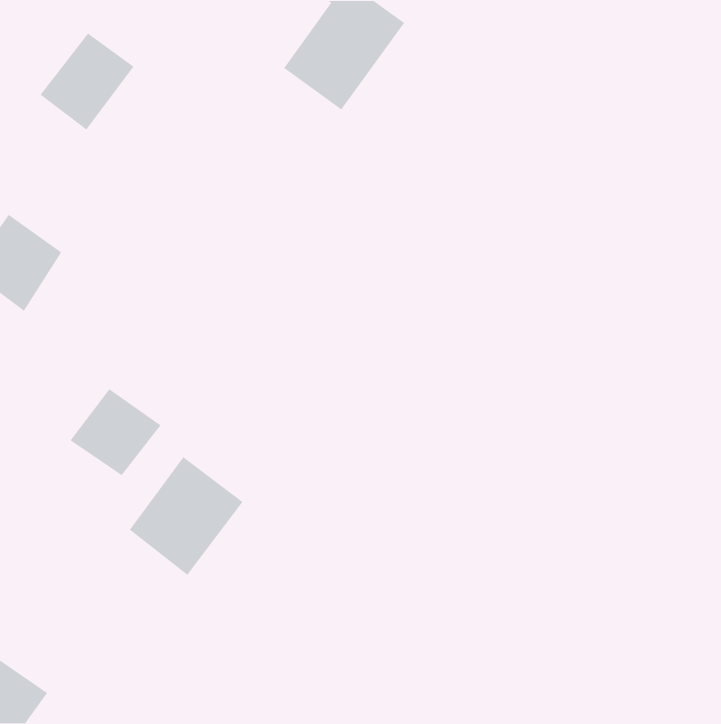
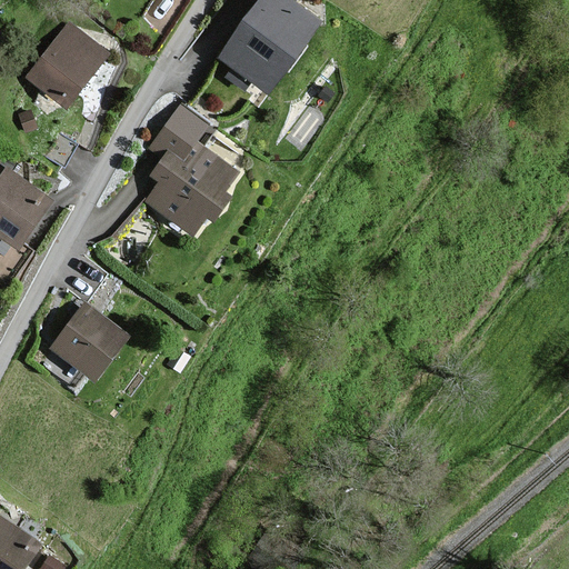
building: none -> [149,107,232,229]
building: [129,456,244,576] -> none

